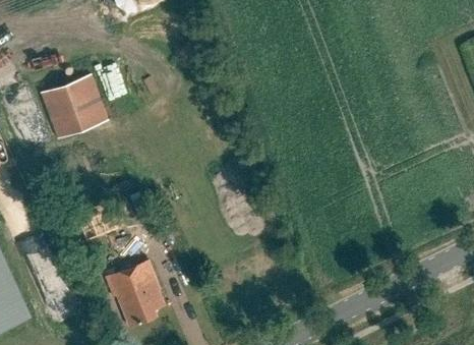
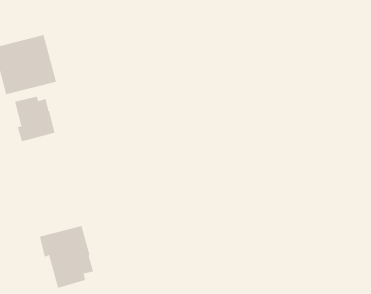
building: none -> [14,96,55,142]

